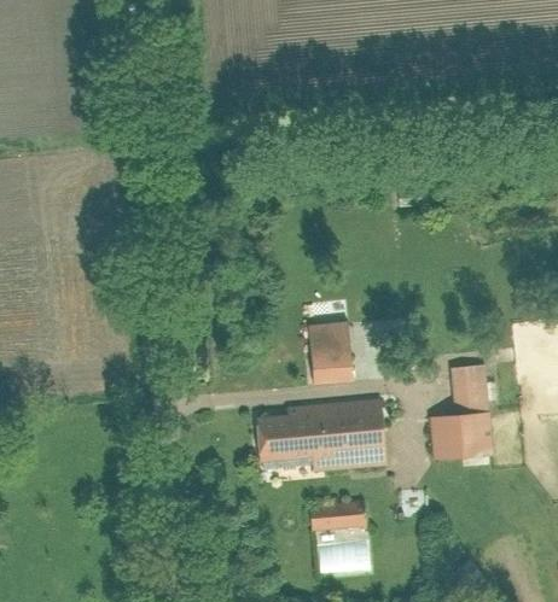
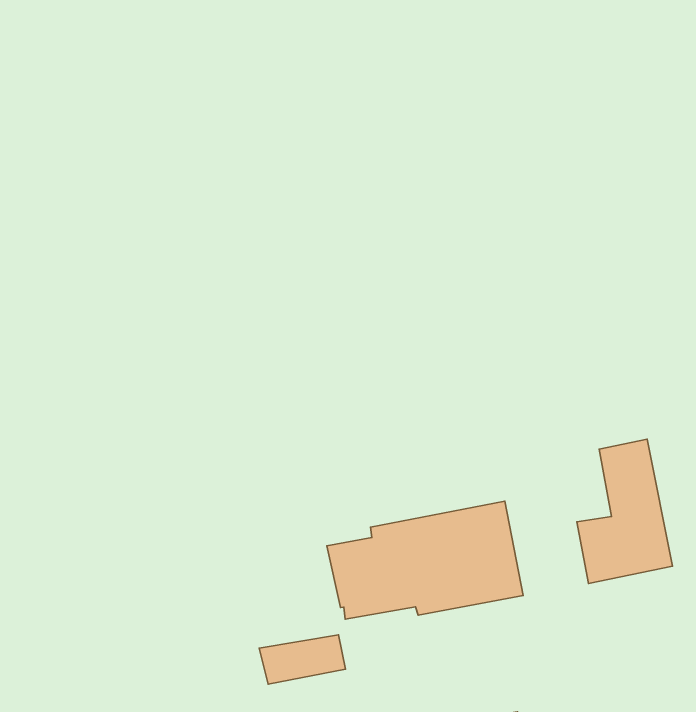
building: [308,321,353,384] -> none
building: [308,501,366,530] -> [259,635,345,684]

